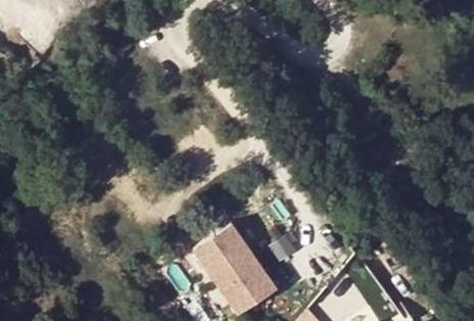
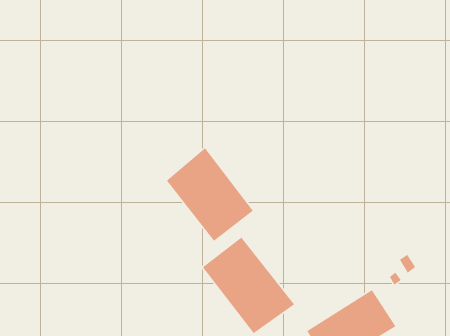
building: none -> [166,147,254,242]

